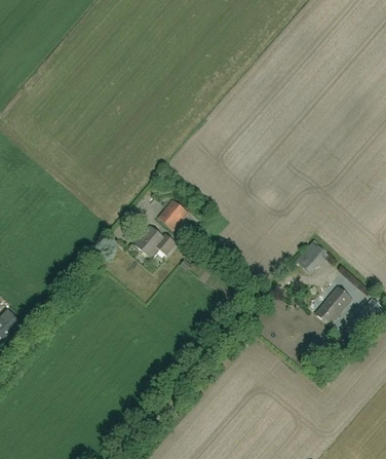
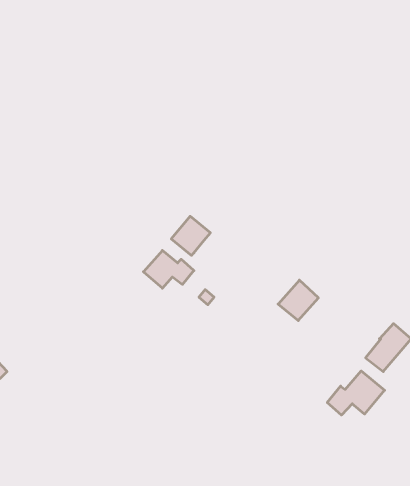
building: [294,240,326,273] -> [278,280,318,321]
building: none -> [327,371,385,415]

